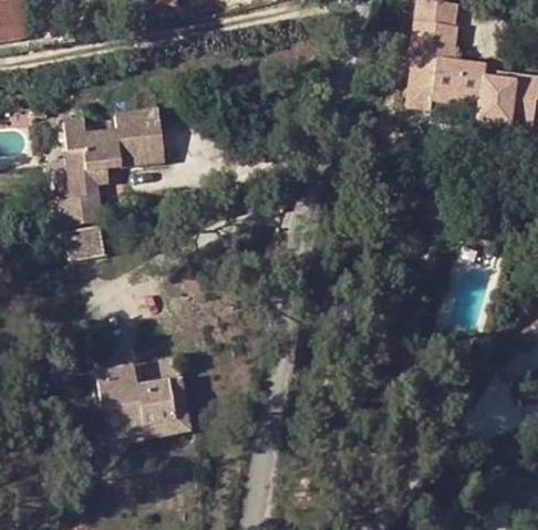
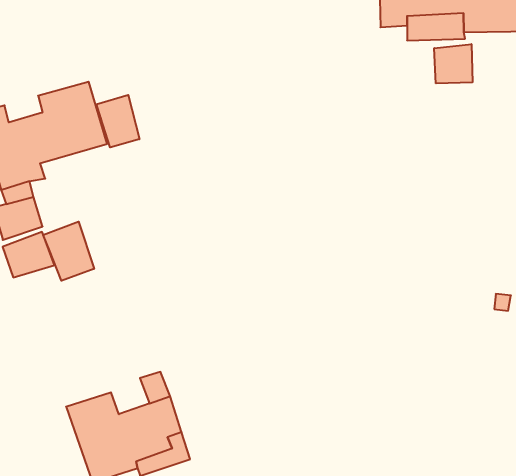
building: none -> [97,95,139,147]
building: none -> [434,44,472,83]
building: none -> [43,222,94,281]

